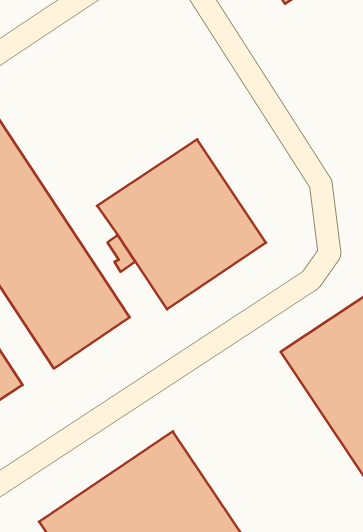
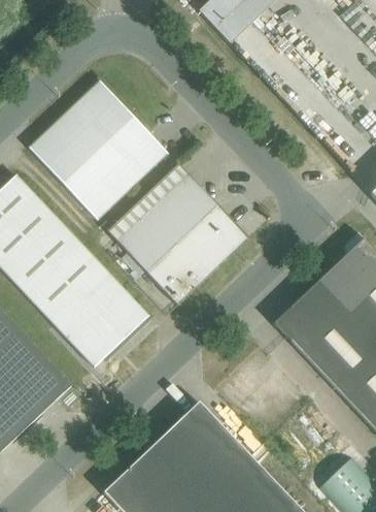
building: none -> [30,82,168,220]

